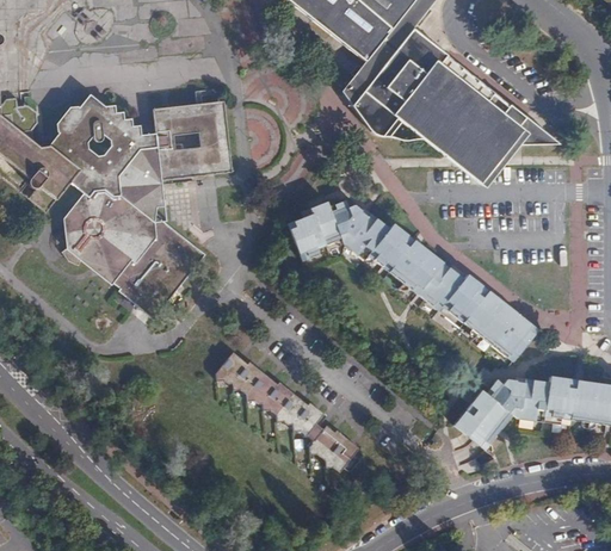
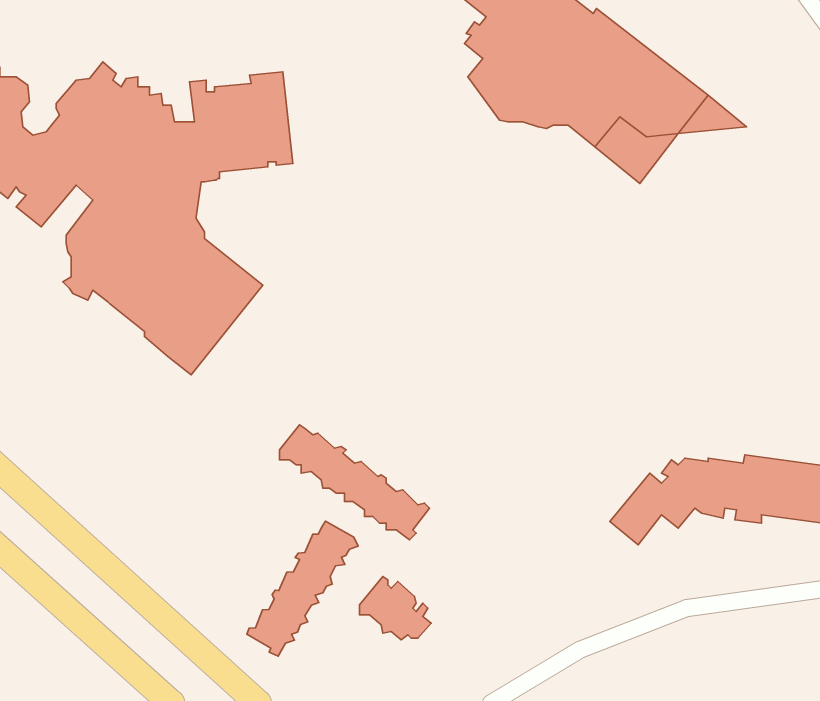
building: [288,198,538,360] -> none
building: none -> [247,521,358,656]
building: [310,425,362,470] -> [359,577,431,640]

